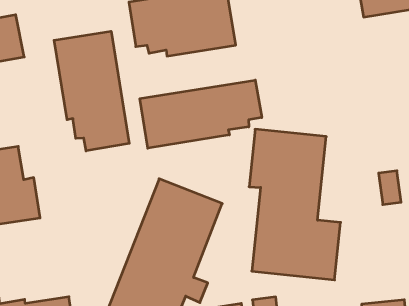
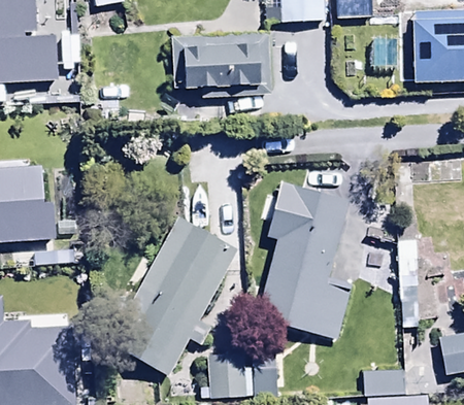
building: [54,31,129,151] -> none
building: [140,80,262,148] -> none

